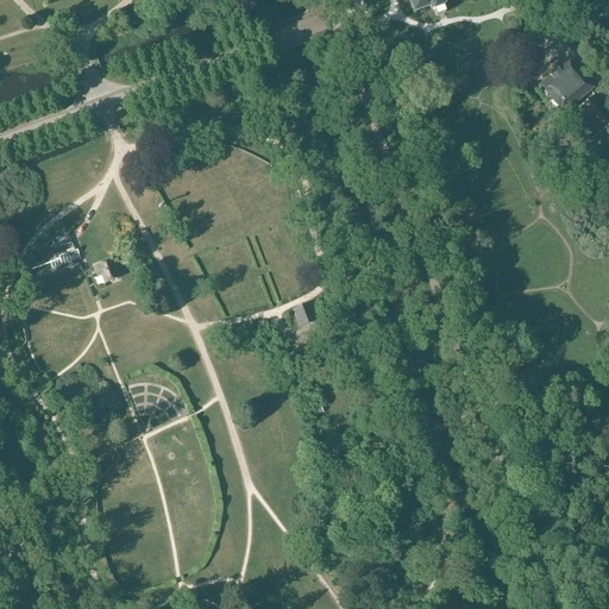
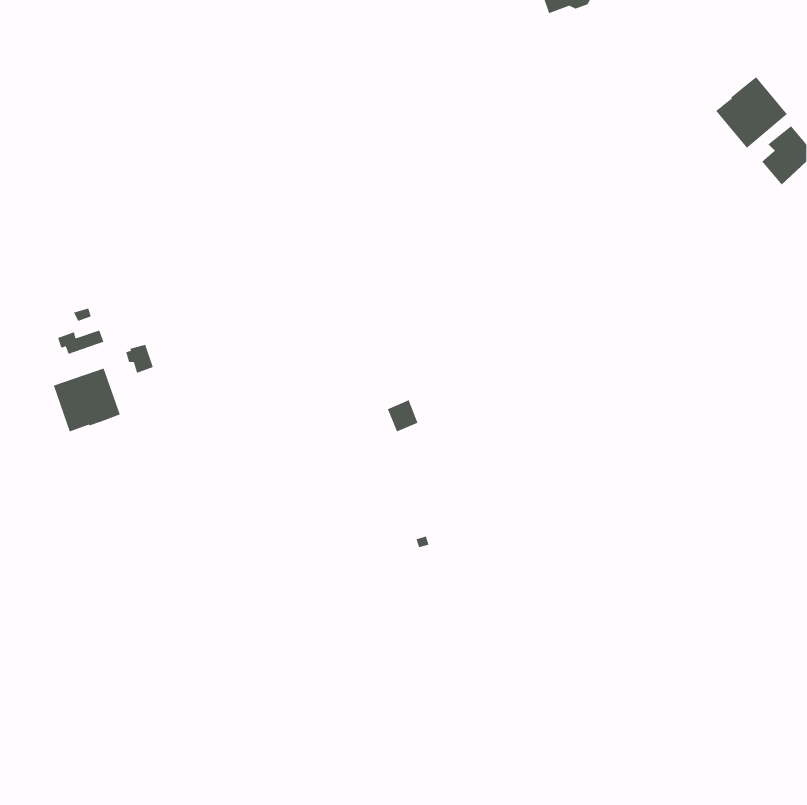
building: none -> [53,368,121,432]

